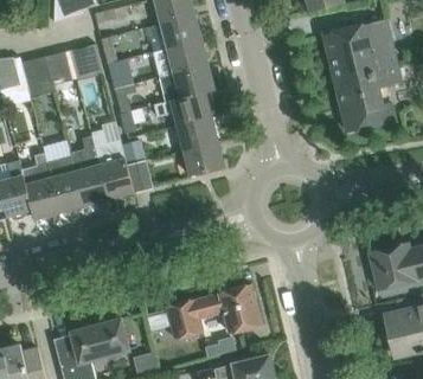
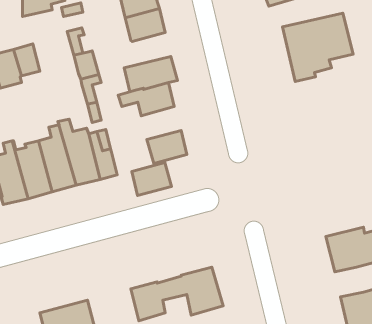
building: [152,40,207,77] -> none
building: [70,44,104,84] -> none
building: [337,63,402,133] -> none
building: [177,117,218,152] -> [132,163,172,196]

